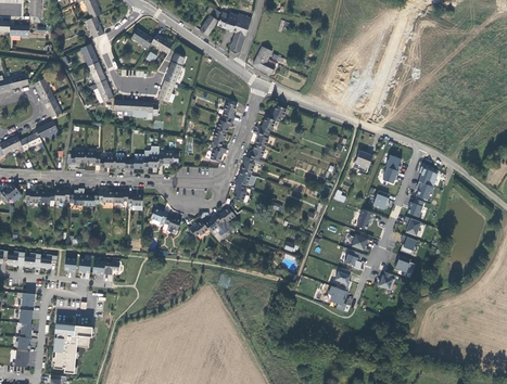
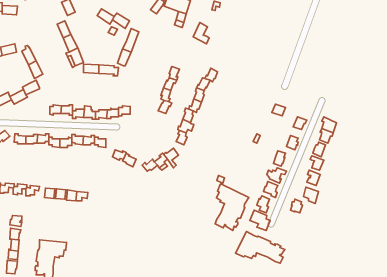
building: none -> [215,184,249,230]
building: none -> [235,232,285,263]

